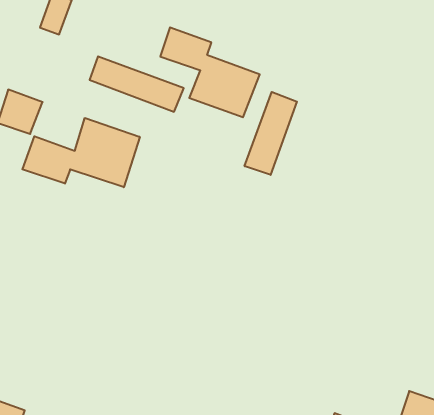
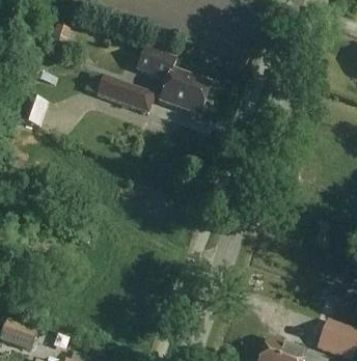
building: [245,92,297,175] -> none
building: [22,118,140,187] -> none

